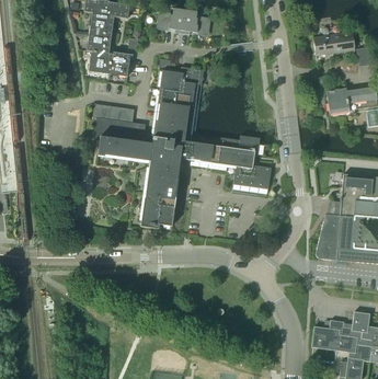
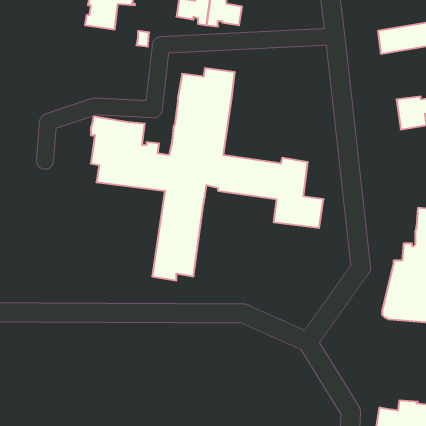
building: [87,34,130,77] -> none

